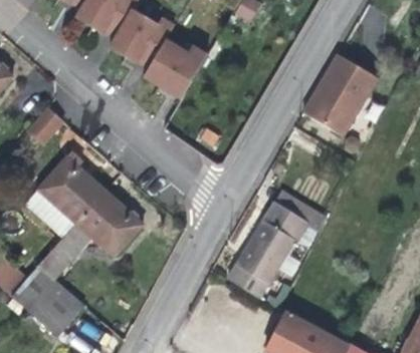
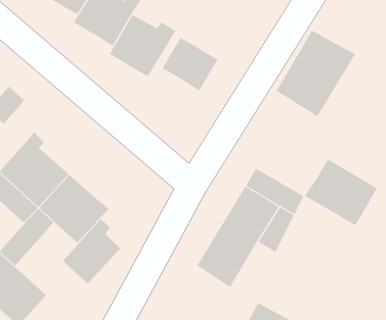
building: none -> [162,37,218,92]
building: none -> [304,159,378,226]
building: none -> [62,218,121,284]

